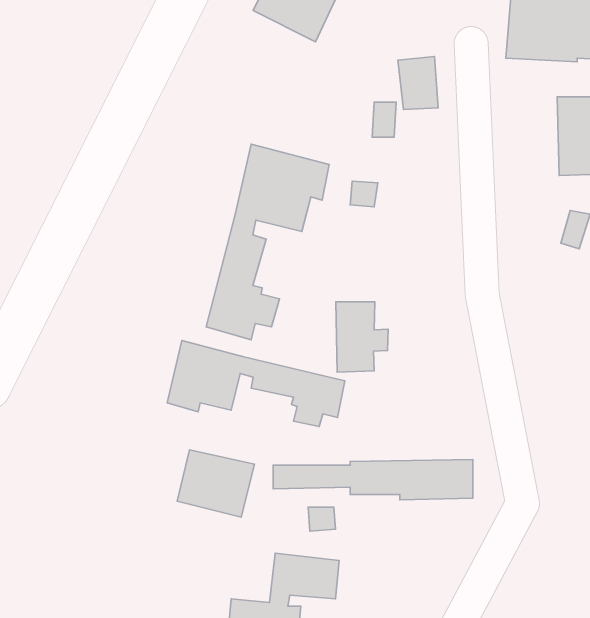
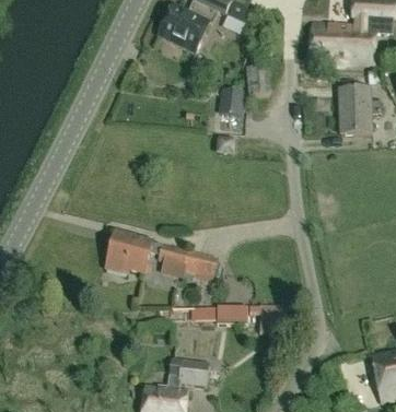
building: [206,144,329,340] -> none
building: [336,302,388,372] -> none
building: [177,450,254,517] -> none

